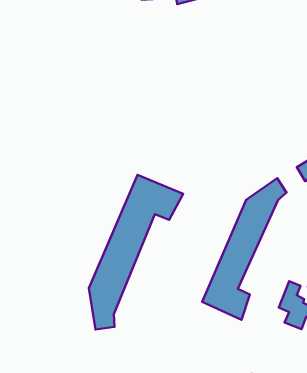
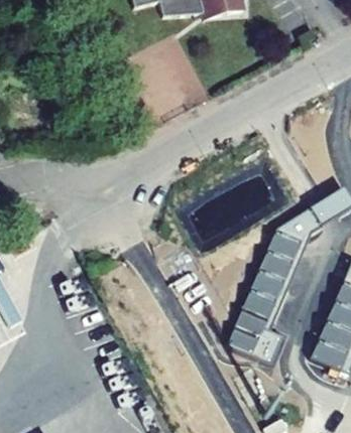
building: [89,175,183,330] -> none

